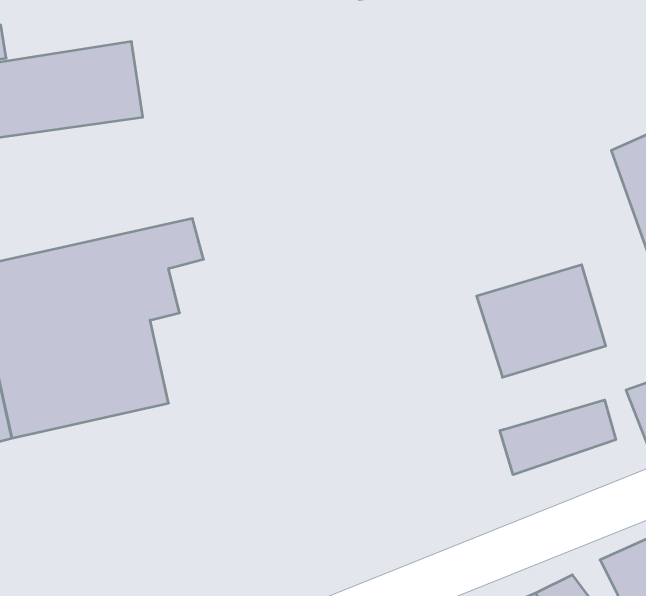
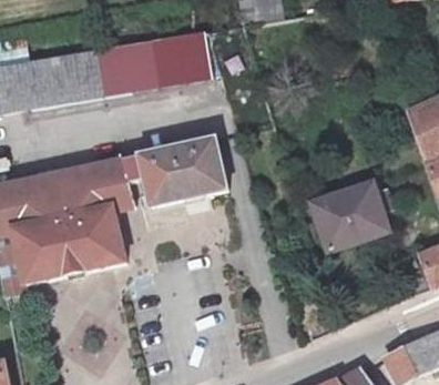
building: none -> [106,32,213,93]
building: none -> [143,140,224,205]
building: [500,400,616,475] -> none

